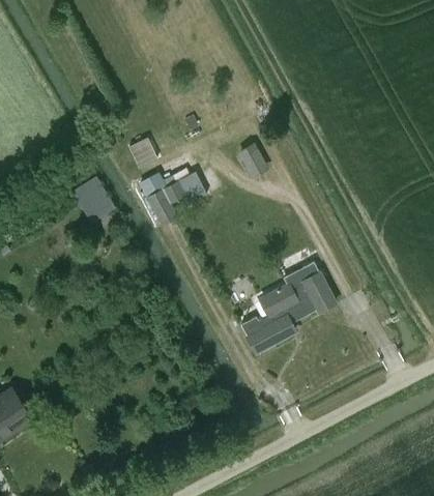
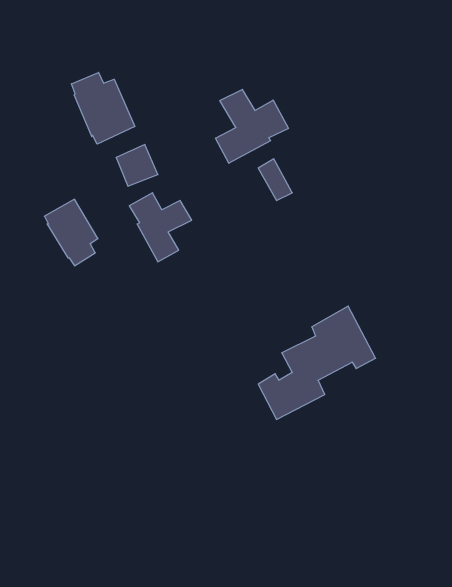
building: none -> [71,72,135,144]
building: none -> [216,89,288,163]

